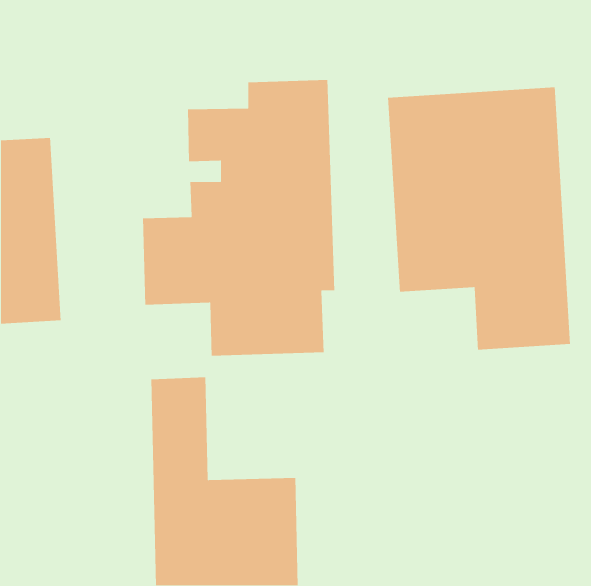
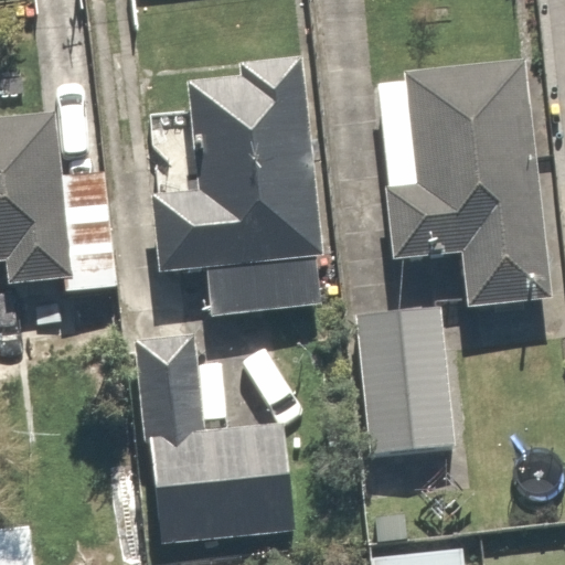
building: none -> [359,320,440,468]

